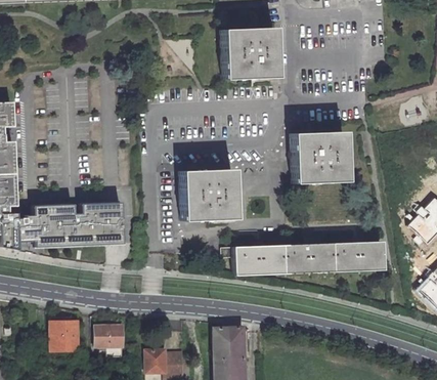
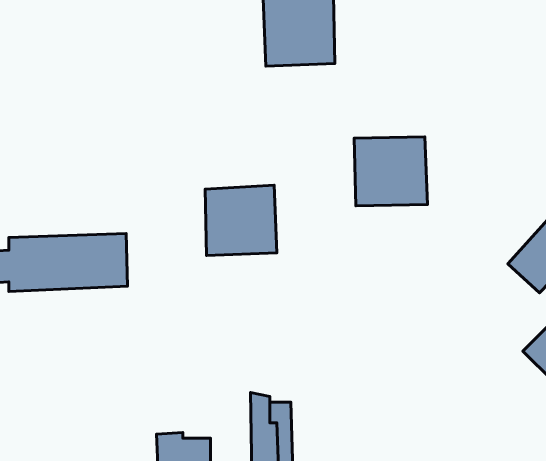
building: [221,239,382,273] -> none
building: [51,323,77,350] -> none
building: [95,327,121,348] -> none

